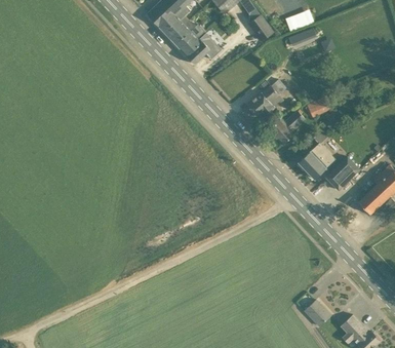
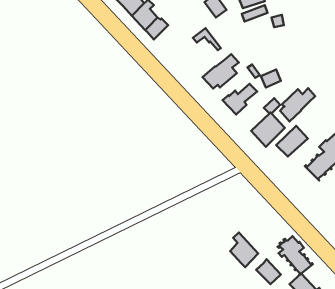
building: none -> [280,88,315,122]
building: none -> [230,233,258,267]
building: none -> [277,236,313,275]

